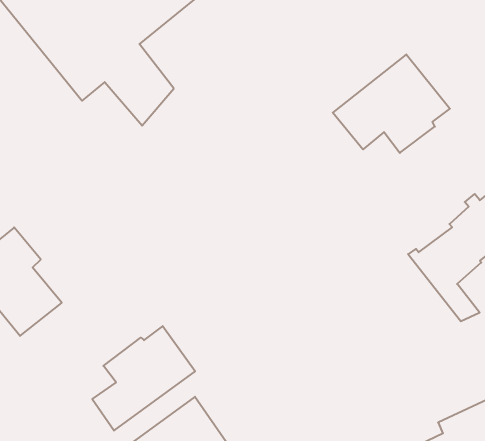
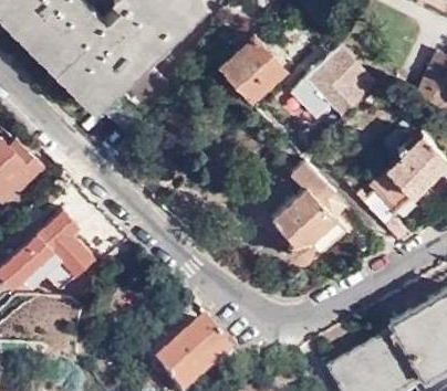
building: none -> [216,40,280,108]
building: none -> [270,162,334,266]
building: [92,326,195,431] -> none

